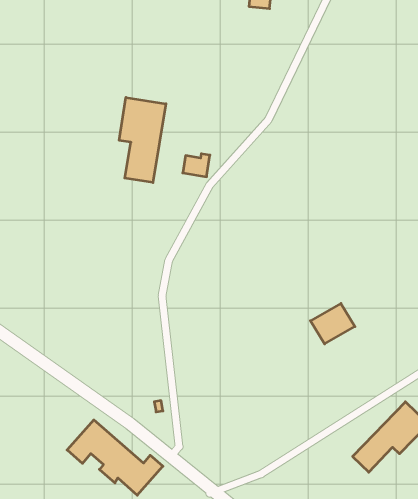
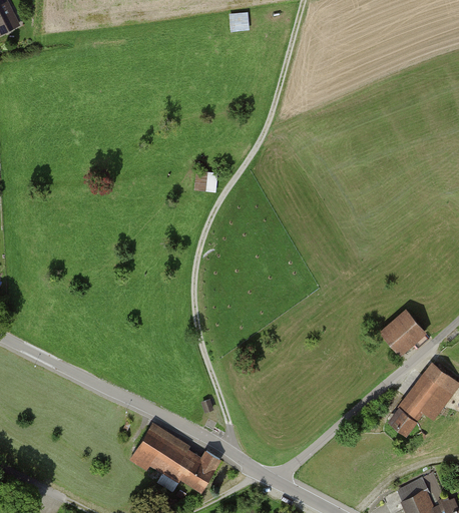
building: [119,97,166,183] -> none
building: [310,303,355,344] -> [386,314,427,353]

